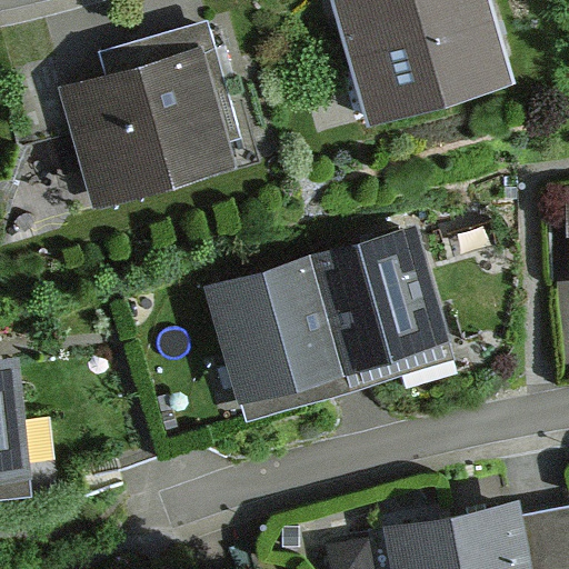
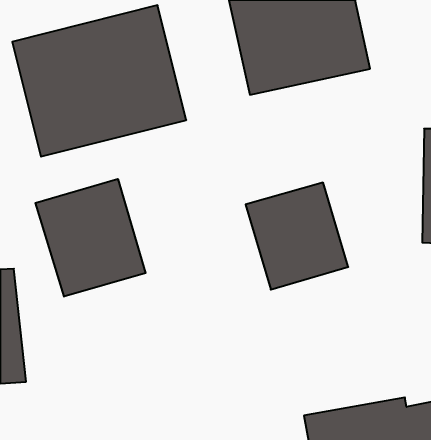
building: none -> [35,179,146,297]
building: [229,267,363,405] -> none

